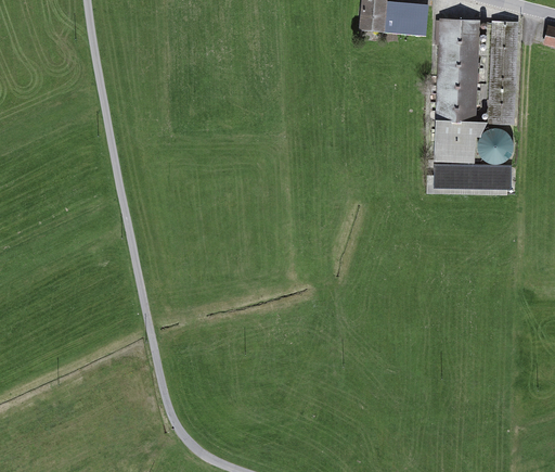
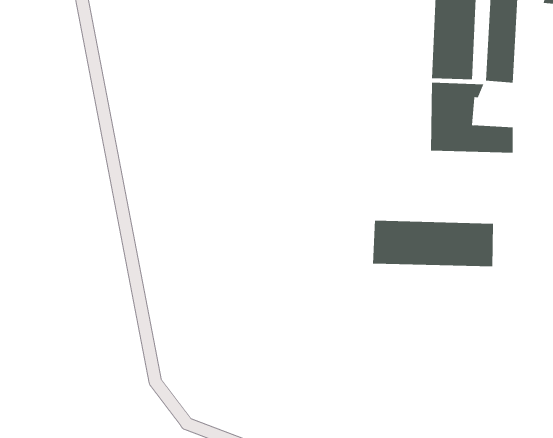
building: [479,128,514,164] -> none
building: none -> [373,220,494,267]

